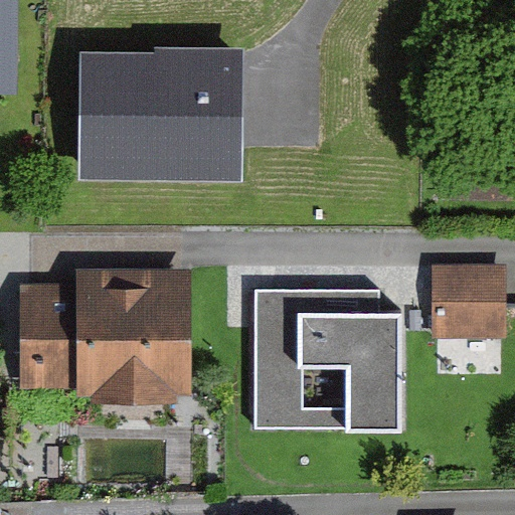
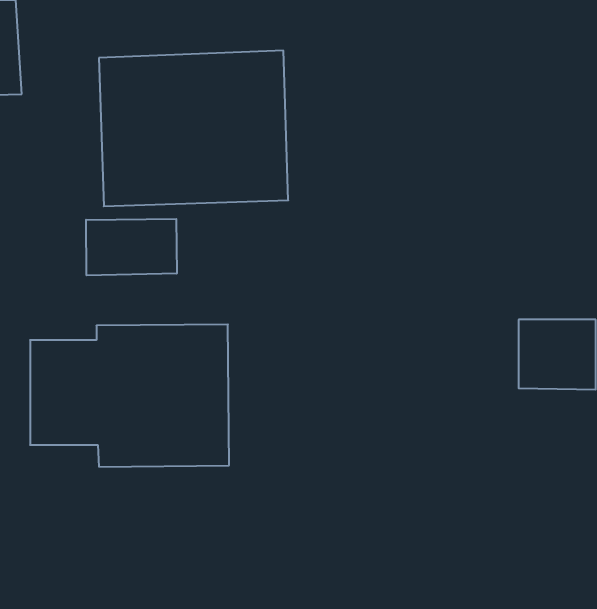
building: none -> [86,219,177,275]
building: [250,293,398,431] -> none

